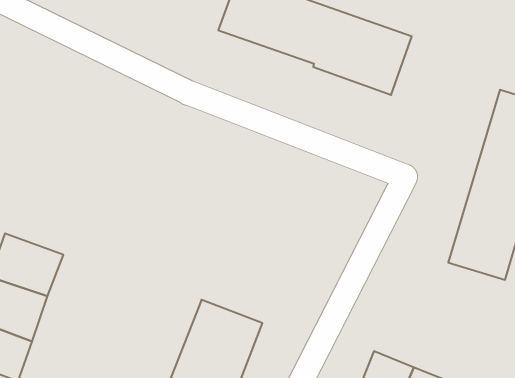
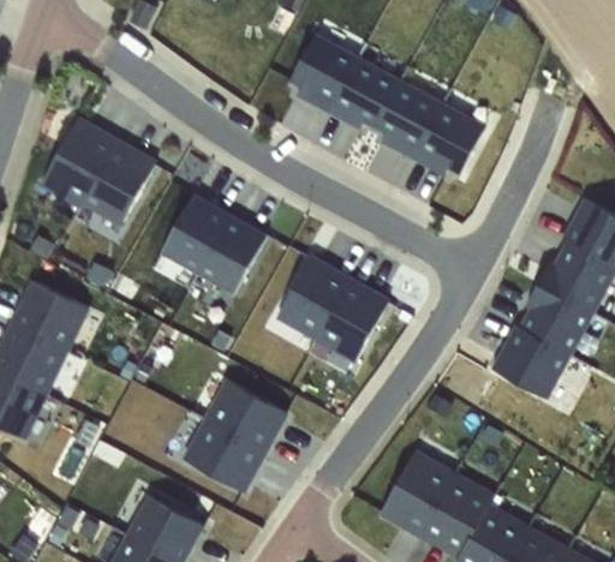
building: none -> [40,116,166,231]
building: none -> [160,195,273,294]
building: none -> [270,252,395,361]

